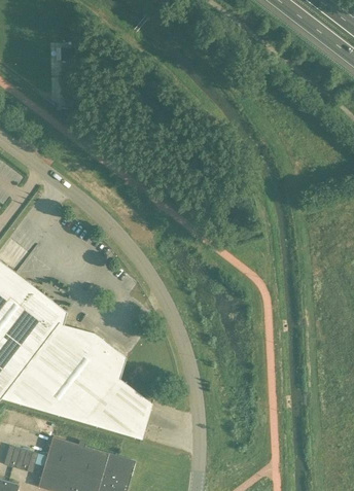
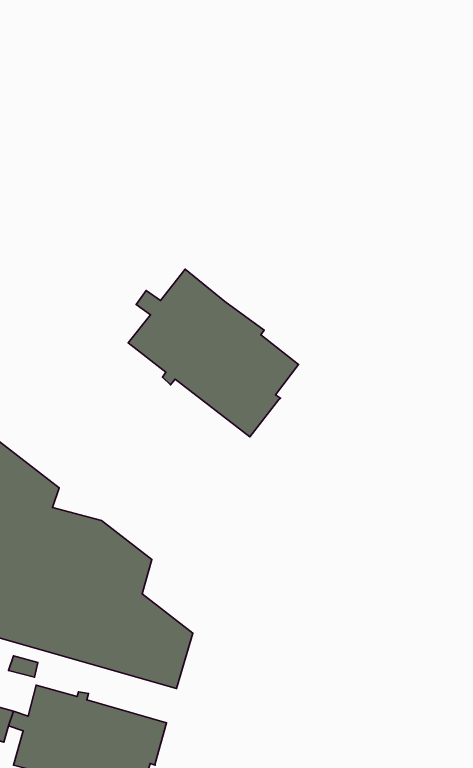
building: none -> [128,269,299,437]

